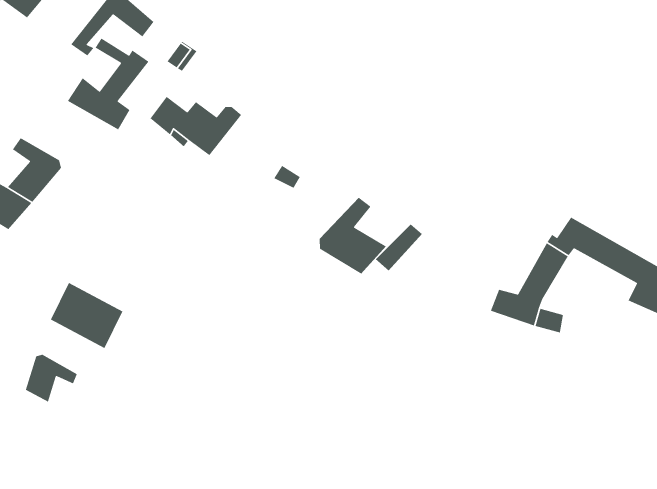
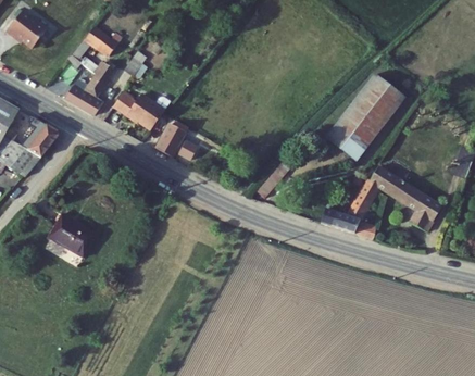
building: none -> [325,75,404,161]
building: none -> [152,123,187,159]
building: [319,197,387,275] -> none
building: [25,354,78,403] -> none

